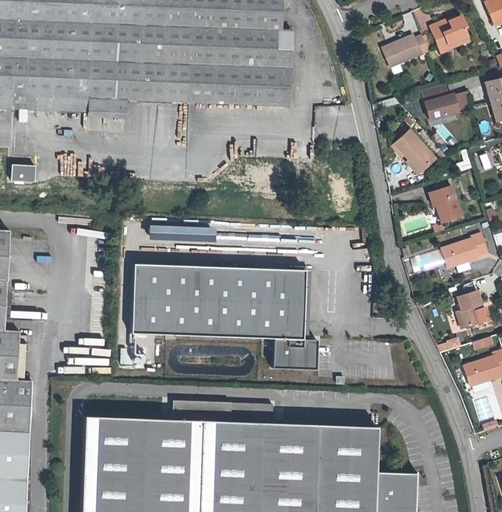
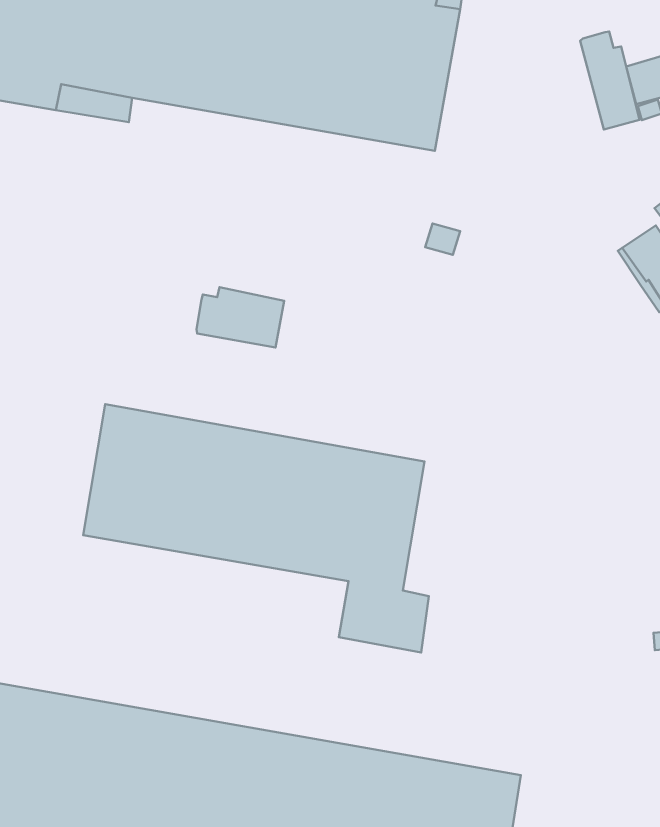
building: none -> [580,32,639,129]
building: none -> [196,287,284,348]

